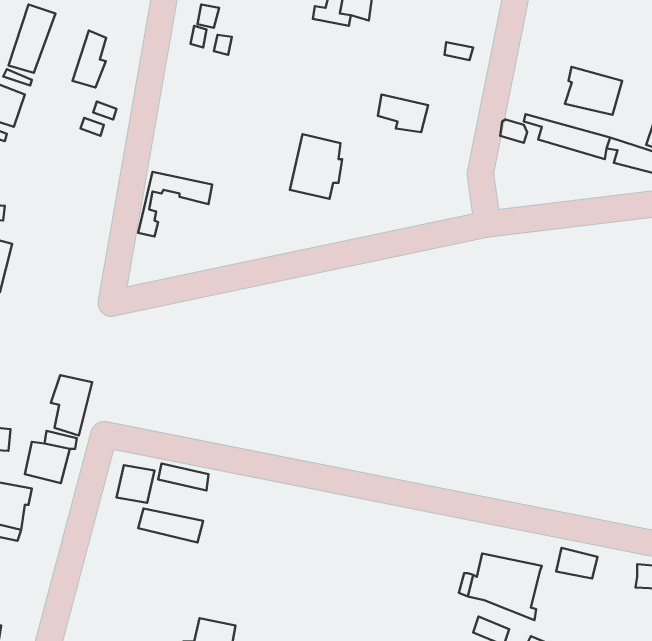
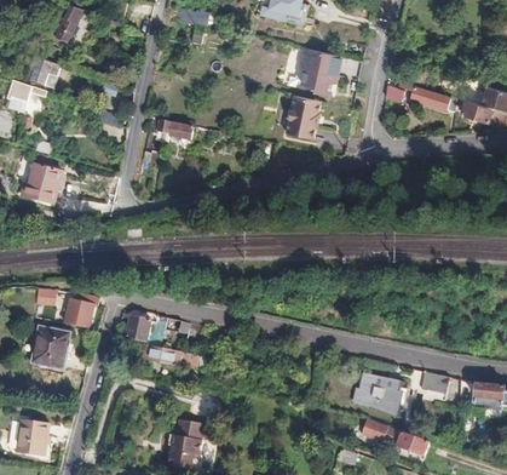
building: [72,31,106,87] -> none
building: none -> [299,46,341,74]
building: [565,67,622,115] -> none
building: [290,134,342,199] -> [286,95,321,138]
building: [51,375,92,436] -> none

